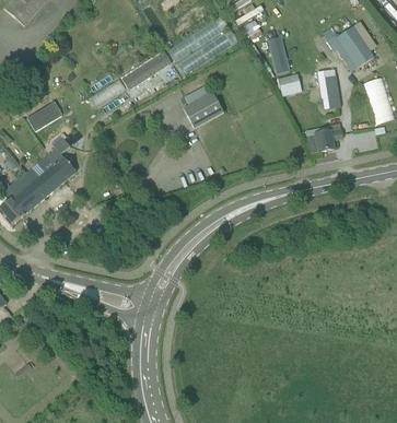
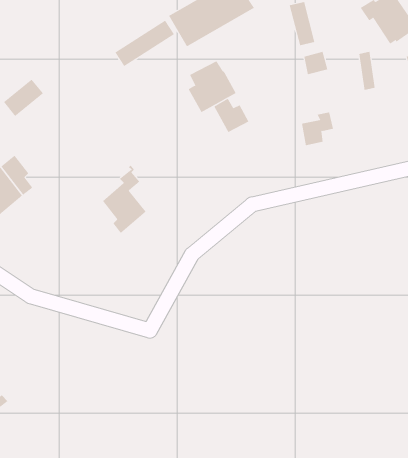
building: none -> [213,98,249,133]
building: [315,122,342,151] -> [301,112,334,146]
building: [38,131,75,189] -> [102,164,147,234]

